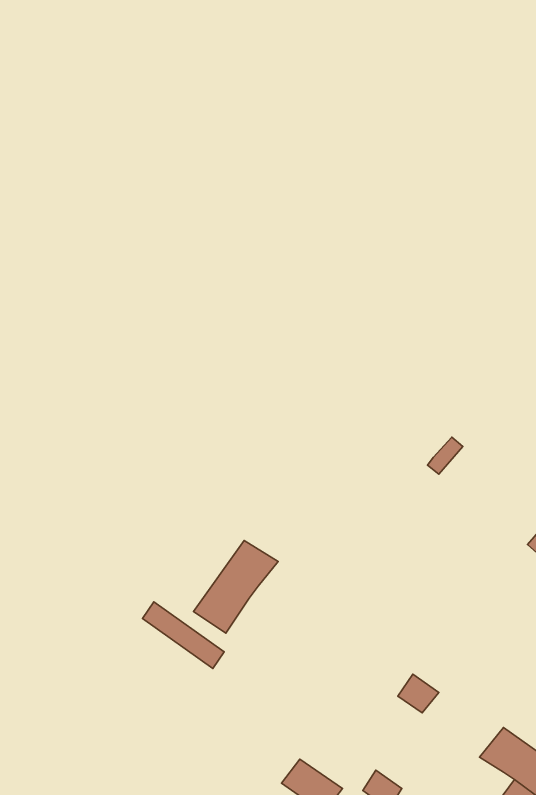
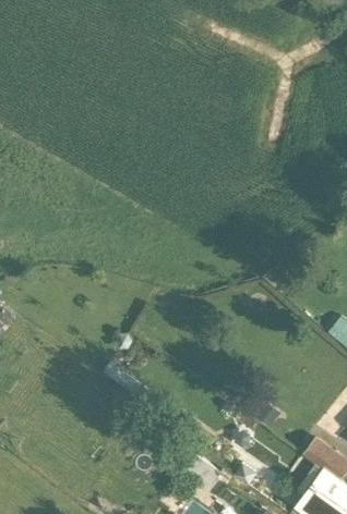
building: [194,541,278,633] -> none

